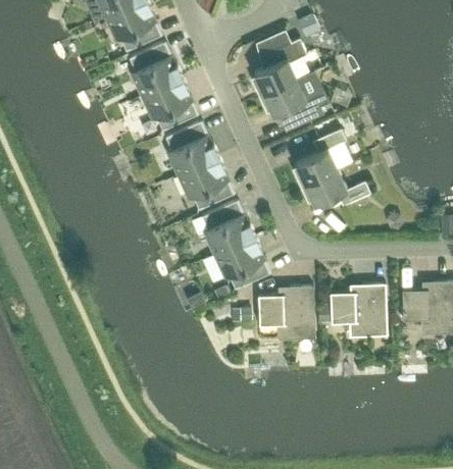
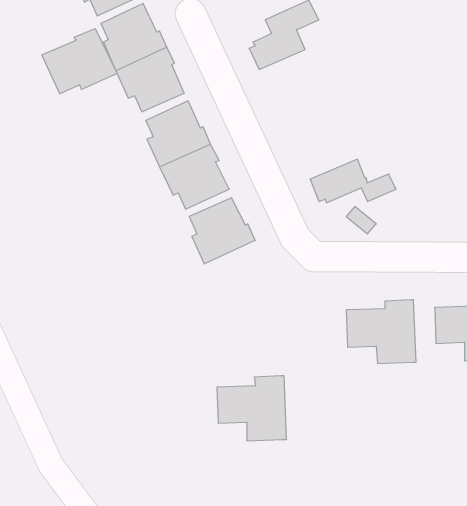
building: none -> [42,29,117,94]
building: [258,70,329,131] -> none
building: [292,127,353,185] -> none
building: [213,234,269,289] -> none
building: [258,285,315,338] -> [217,376,287,441]

